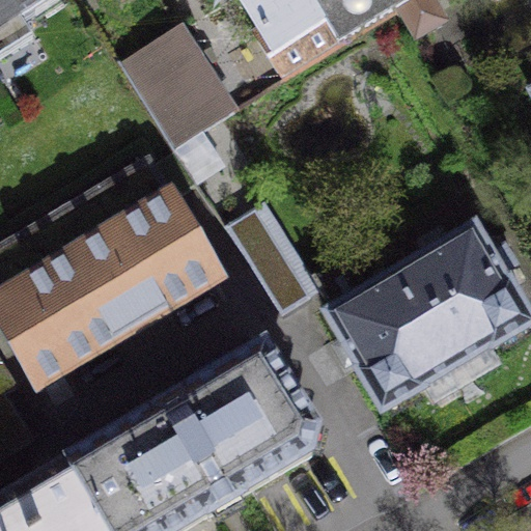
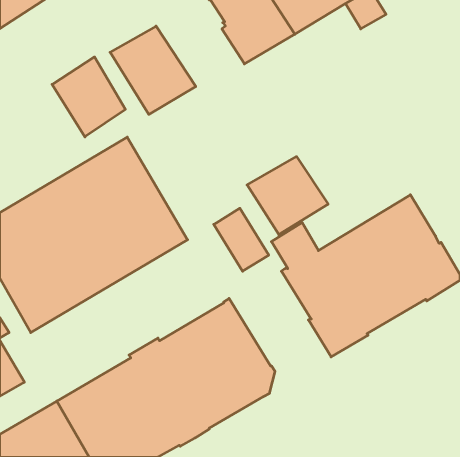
building: none -> [52,57,125,137]
building: none -> [247,157,328,235]

